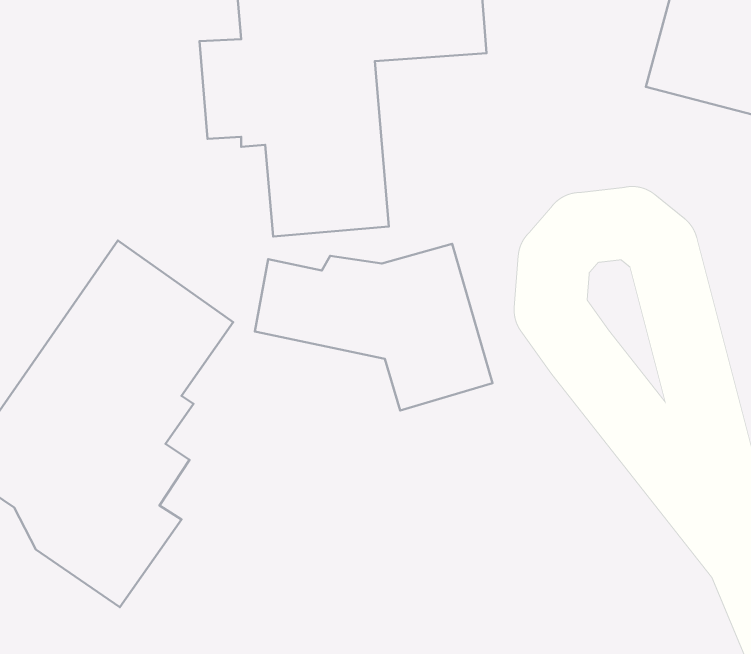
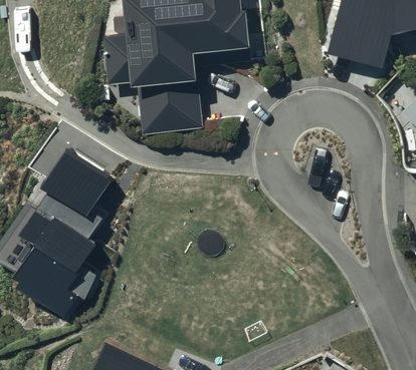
building: [255,244,492,410] -> none

